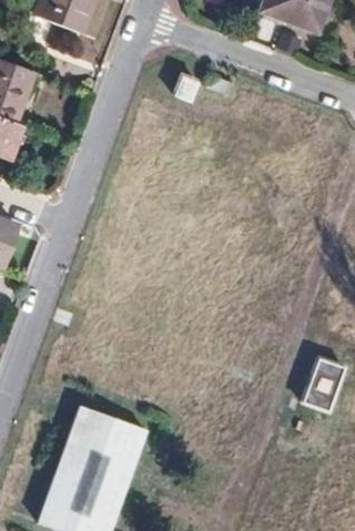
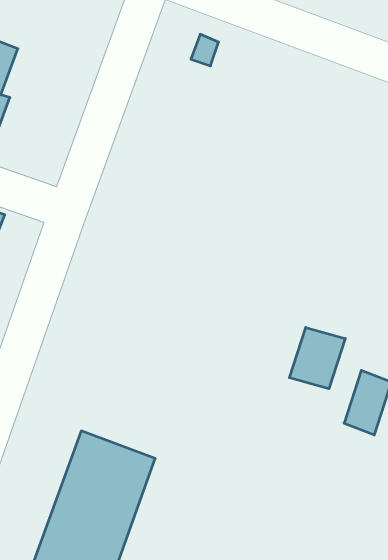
building: none -> [289,327,345,389]

